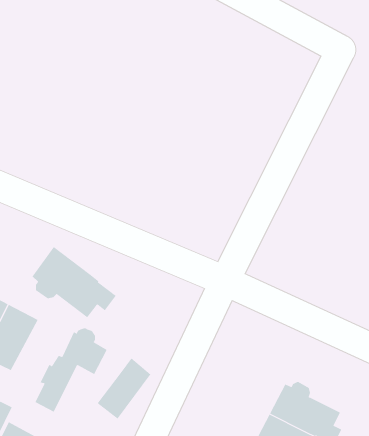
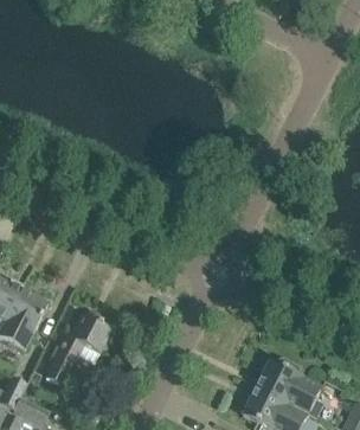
building: [32,246,117,318] -> none
building: [97,358,151,419] -> none

